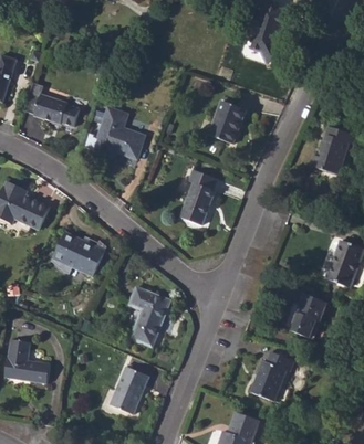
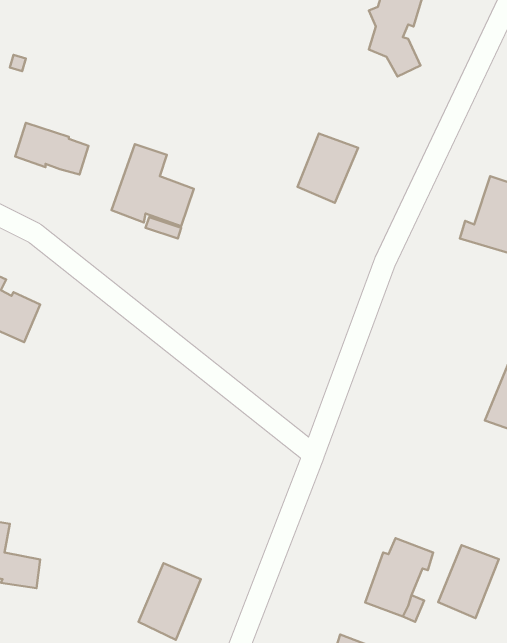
building: [180,169,216,224] -> none
building: [53,232,105,276] -> none
building: [128,286,170,347] -> none
building: [289,294,326,339] -> [438,545,499,618]

